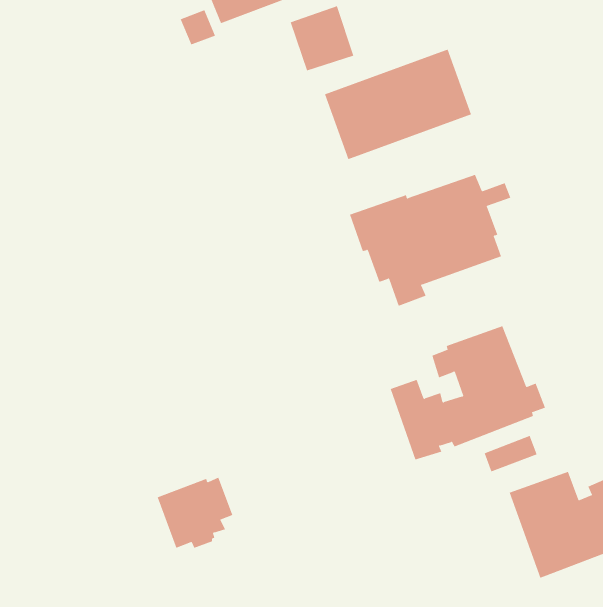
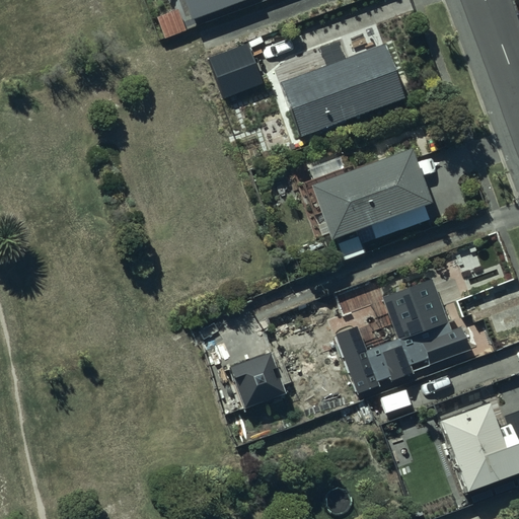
building: [290,6,354,71] -> [210,43,265,98]
building: [157,477,233,549] -> [228,348,293,409]

